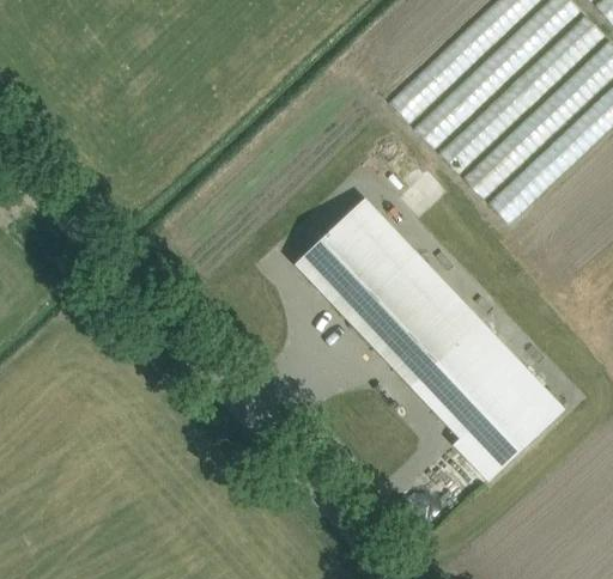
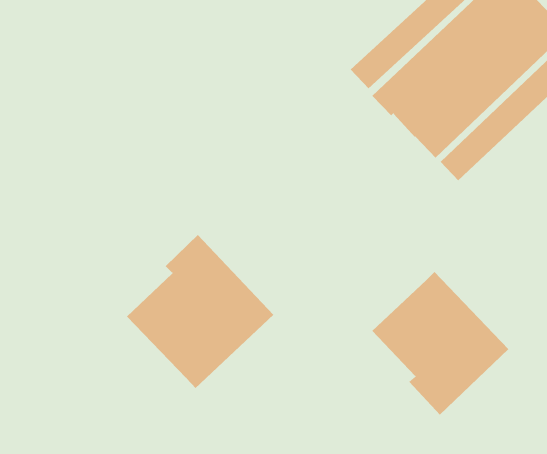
building: [296,197,473,388] -> none
building: none -> [126,234,274,389]

